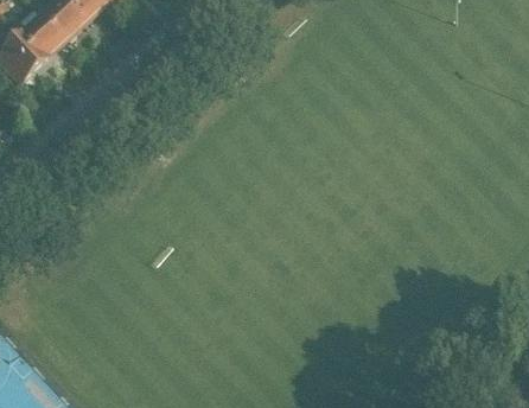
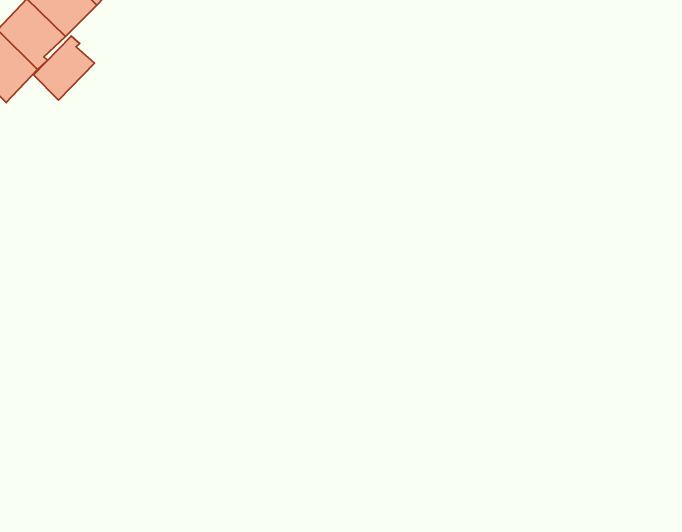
building: none -> [33,36,94,100]

